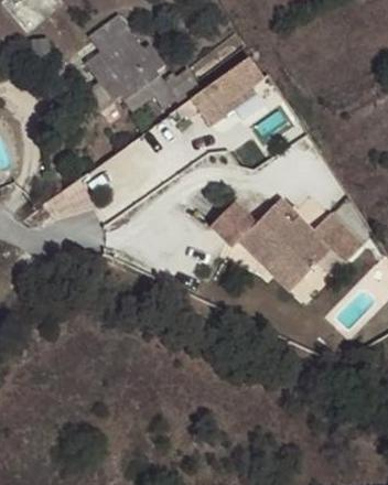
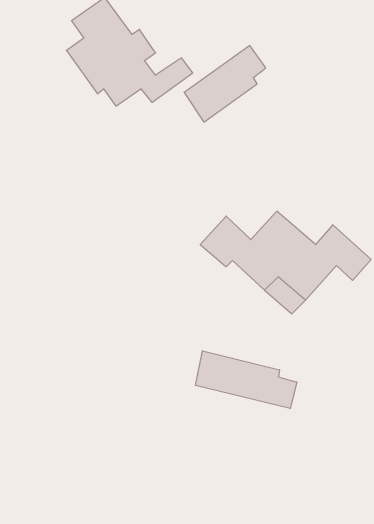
building: none -> [196,351,297,409]

